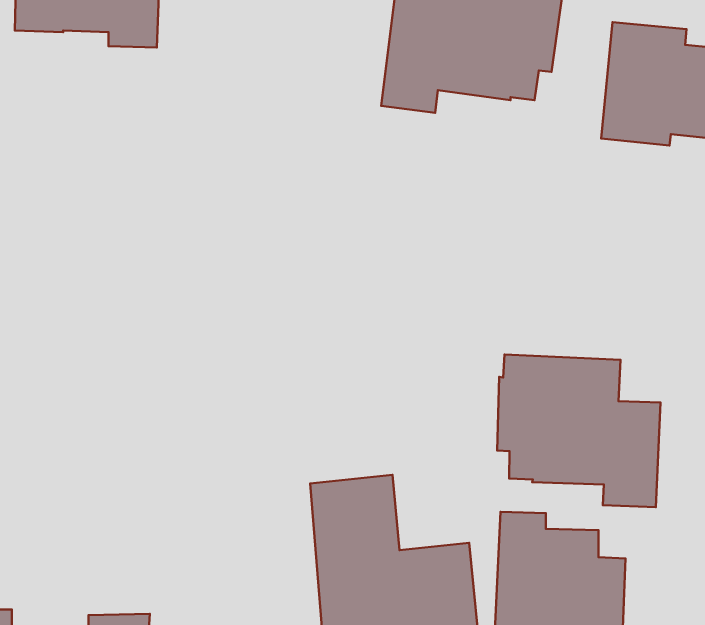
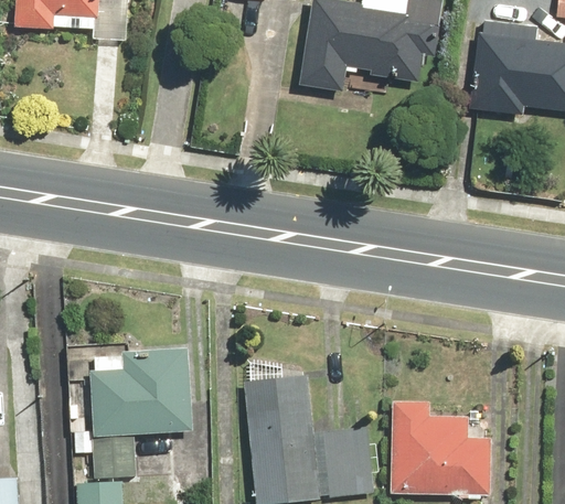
building: [497,354,661,507] -> none
building: none -> [73,348,191,478]

